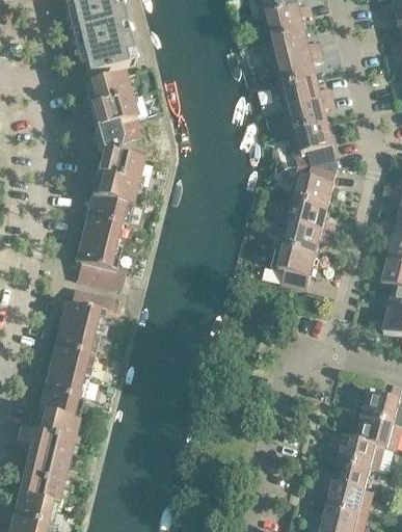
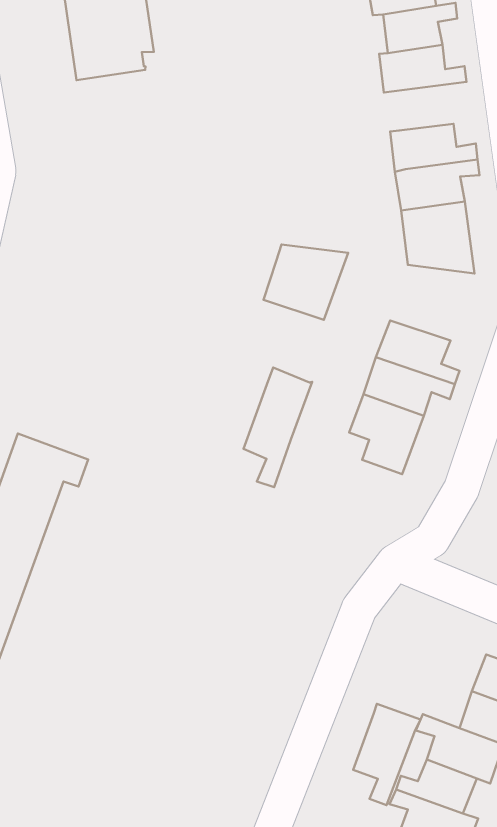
building: [272,51,323,85] -> none
building: [76,75,144,290] -> none
building: [290,164,338,207] -> [264,244,348,320]
building: none -> [244,367,312,487]
building: none -> [353,704,421,805]

